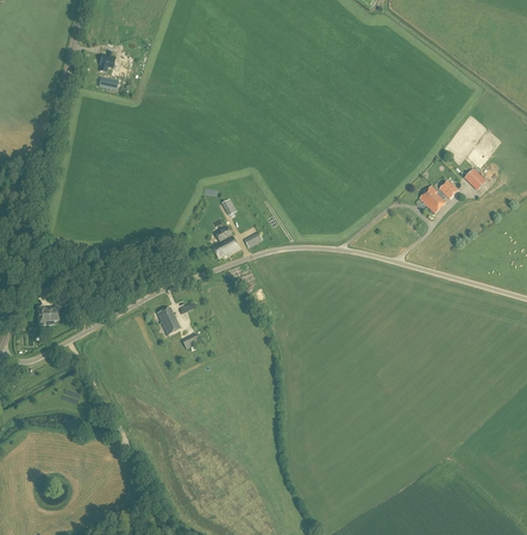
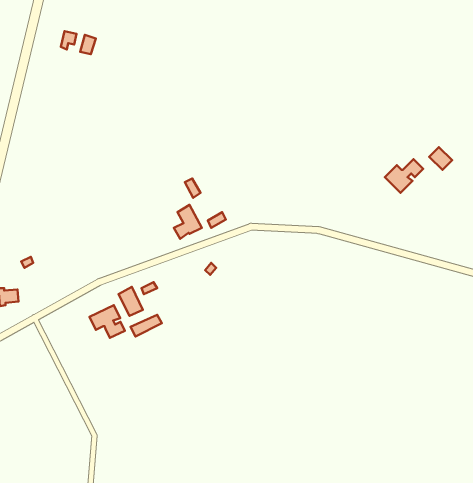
building: none -> [90,305,125,338]

